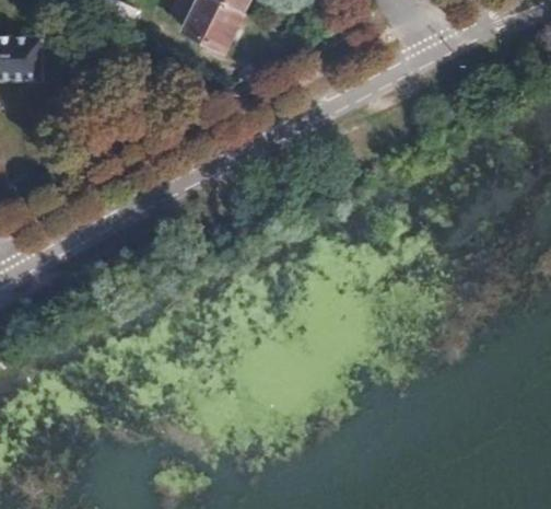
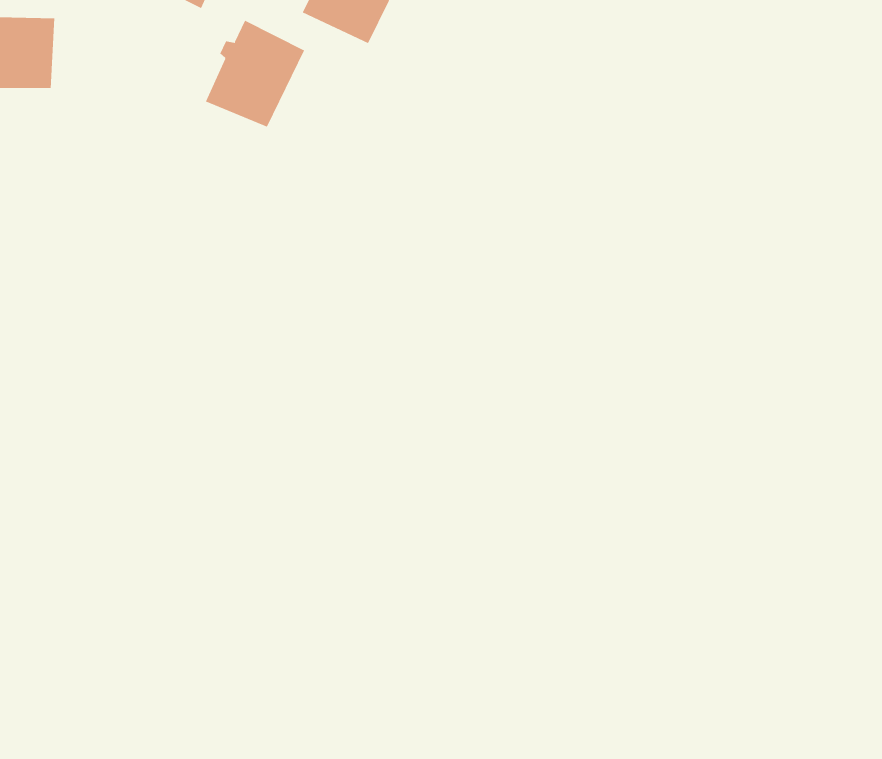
building: none -> [205,20,305,128]

